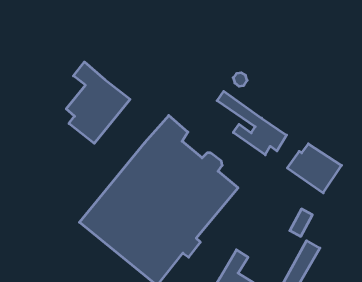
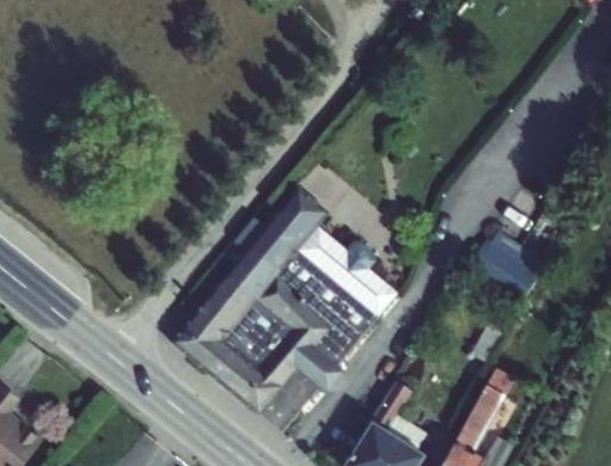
building: [66,62,130,143] -> none
building: [217,91,287,155] -> none

